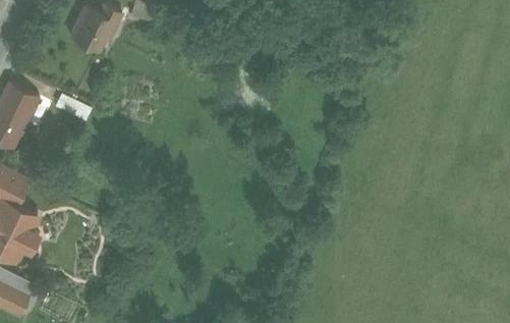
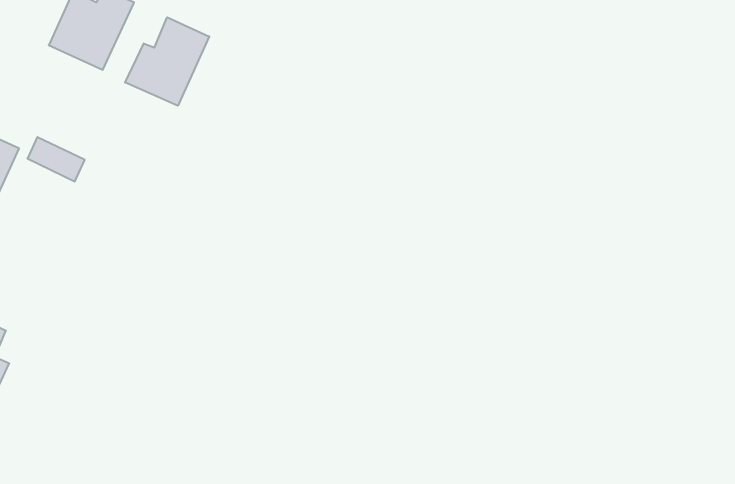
building: none -> [125,17,209,106]

